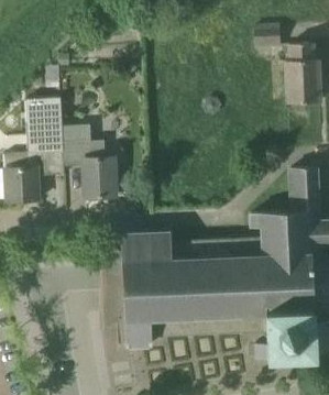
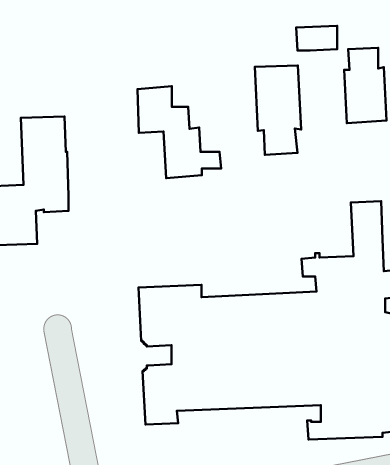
building: none -> [255,66,301,155]
building: [63,125,130,199] -> [137,86,221,178]

